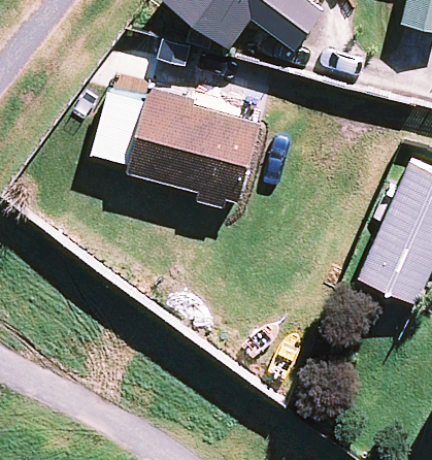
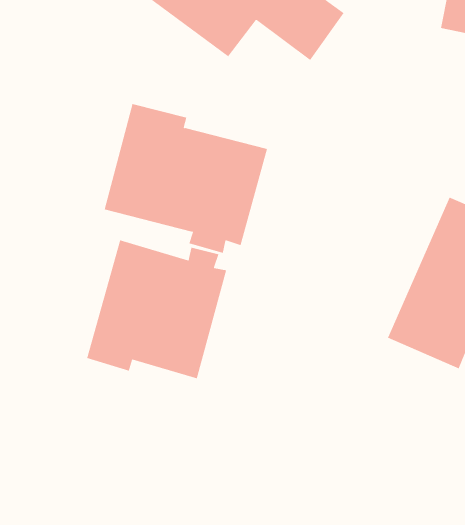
building: none -> [87,240,227,379]

